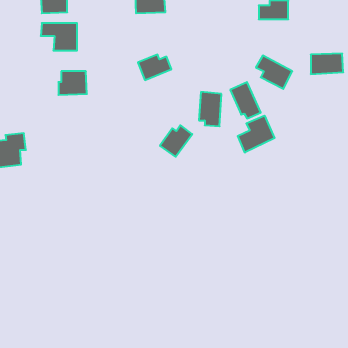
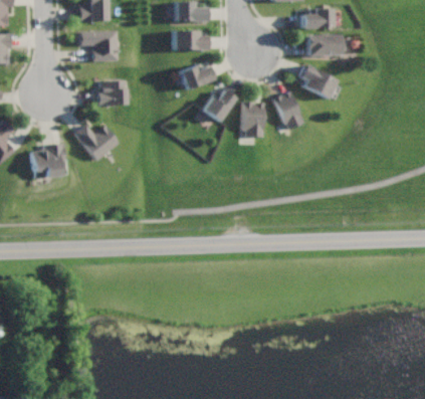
building: none -> [173,30,207,49]
building: [311,54,343,74] -> [307,34,341,55]
building: none -> [74,124,119,160]
building: [238,116,275,153] -> none
building: [160,125,192,157] -> [202,88,235,121]

